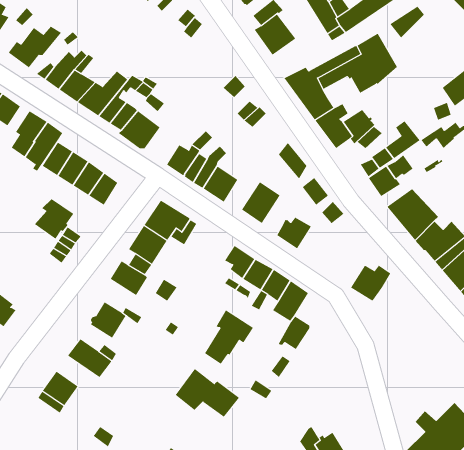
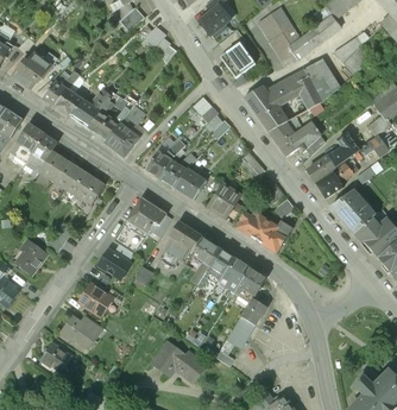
building: [32,198,74,239] -> [12,240,48,275]
building: [350,265,391,302] -> [256,221,290,252]
building: [204,309,254,365] -> [160,221,202,267]

